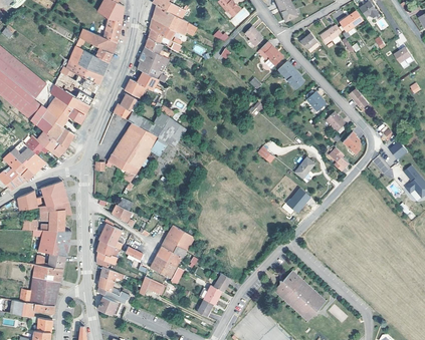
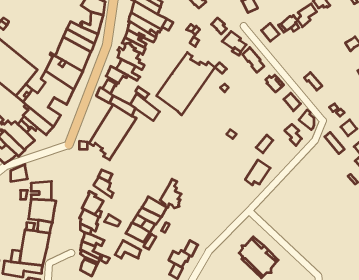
building: none -> [157,52,215,115]
building: [39,182,70,212] -> none
building: none -> [160,179,181,208]

